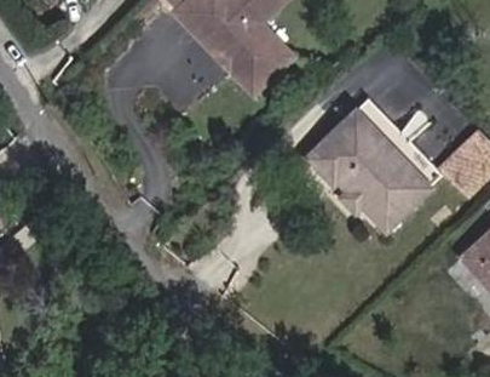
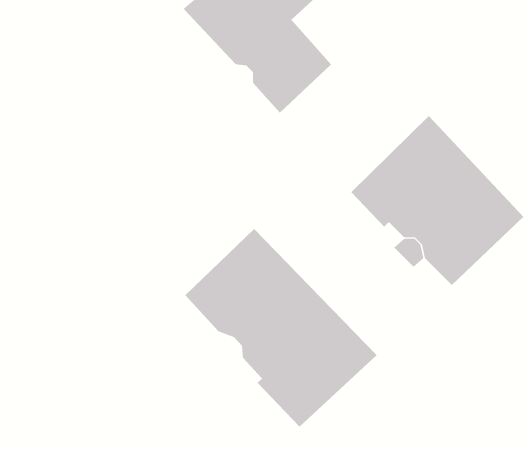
building: none -> [184,228,377,428]

